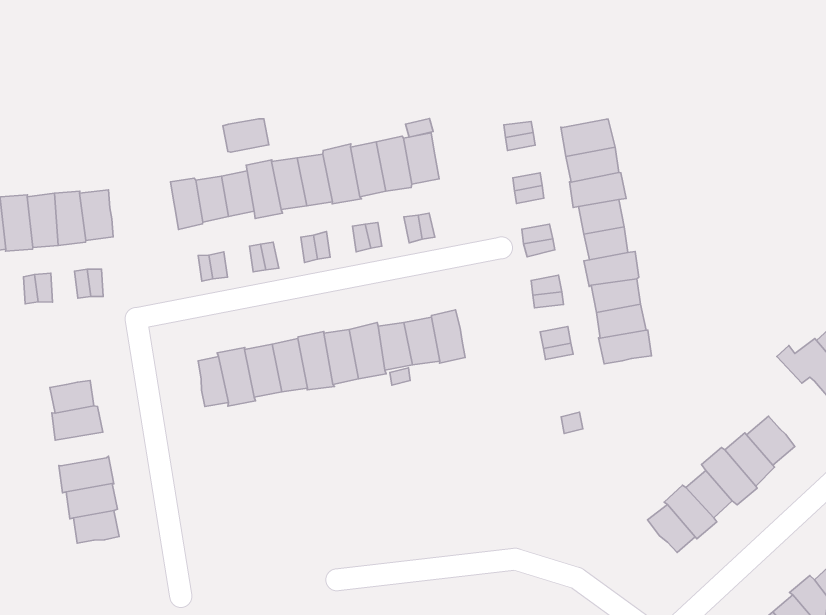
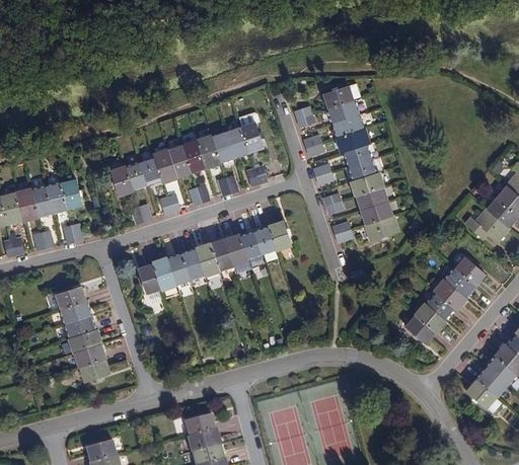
building: none -> [323,84,353,108]
building: [223,119,269,152] -> none
building: none -> [65,316,95,338]

